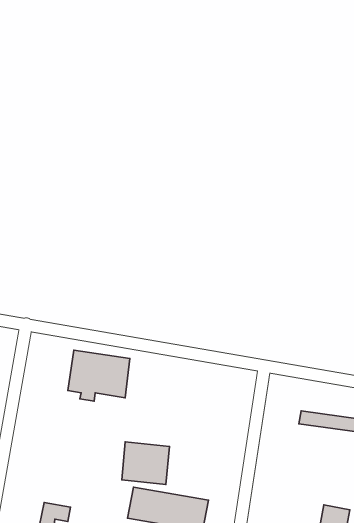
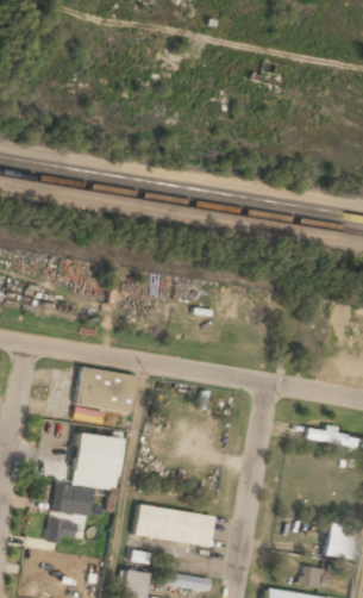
building: [122,442,169,485] -> [74,431,121,474]
building: none -> [51,482,93,516]

